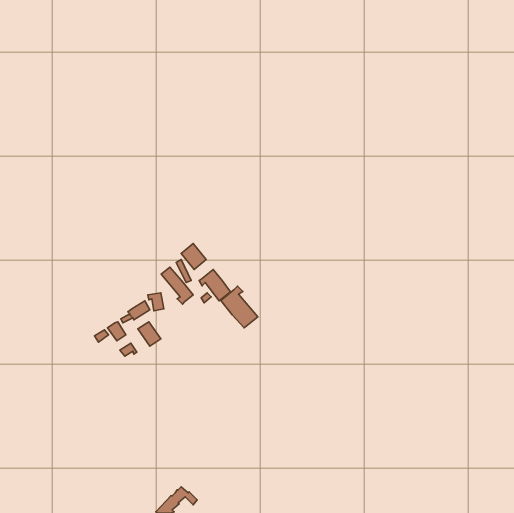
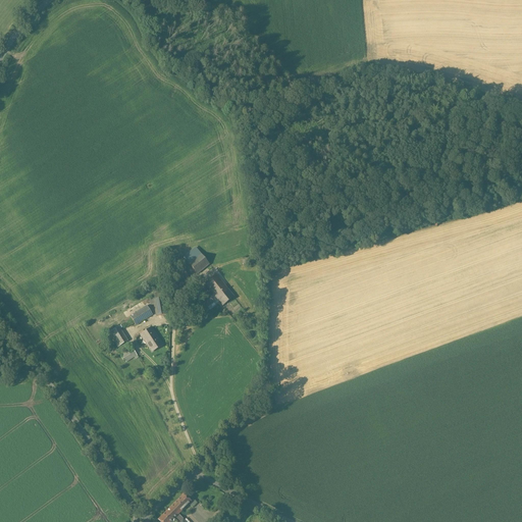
building: [161,267,193,304] -> none
building: [221,286,258,328] -> none

